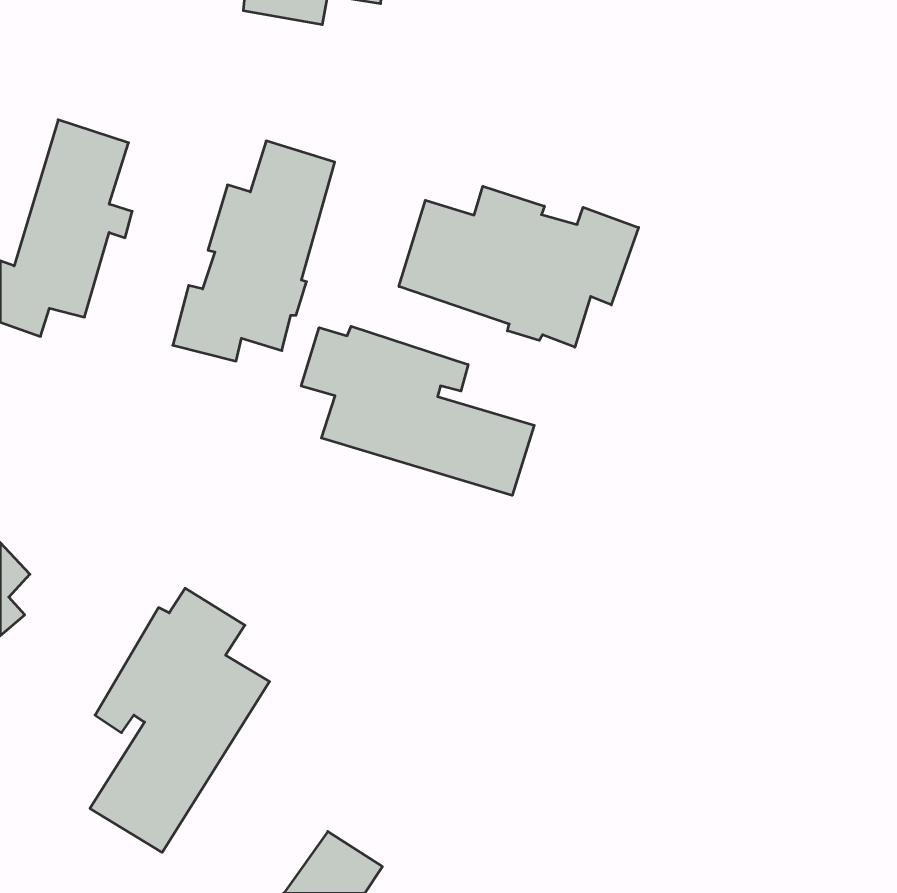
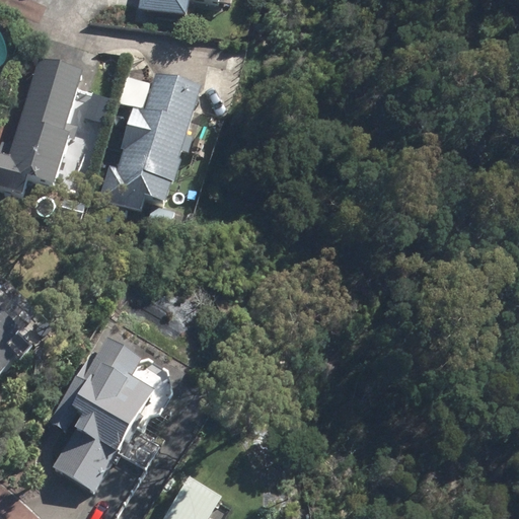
building: [399,186,639,347] -> none
building: [301,326,534,495] -> none

